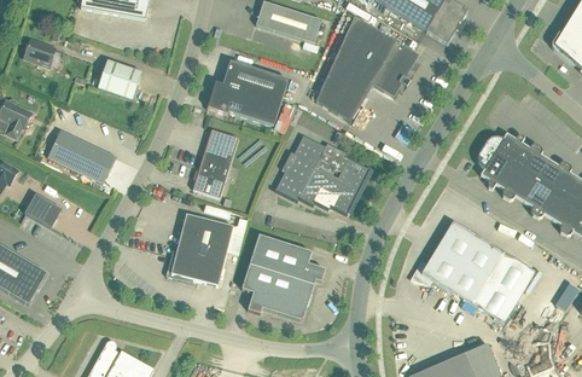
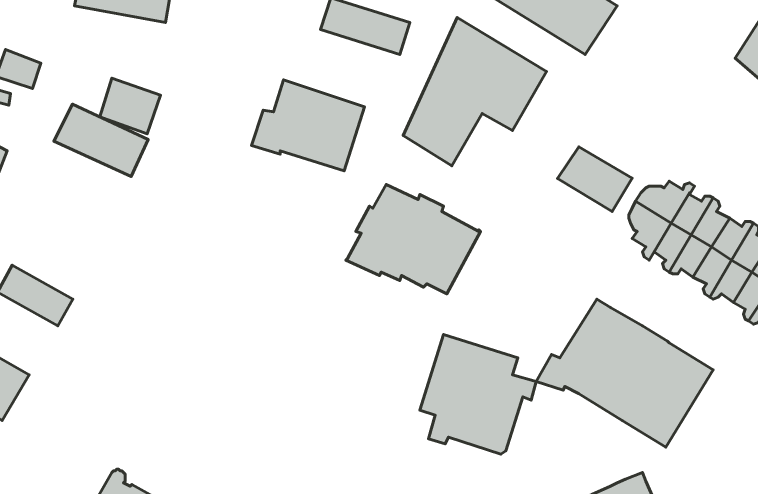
building: none -> [557,147,632,212]
building: [192,129,238,197] -> none
building: [47,130,115,182] -> [54,104,148,177]
building: [165,214,233,285] -> none
building: [241,234,325,320] -> [420,334,536,454]

